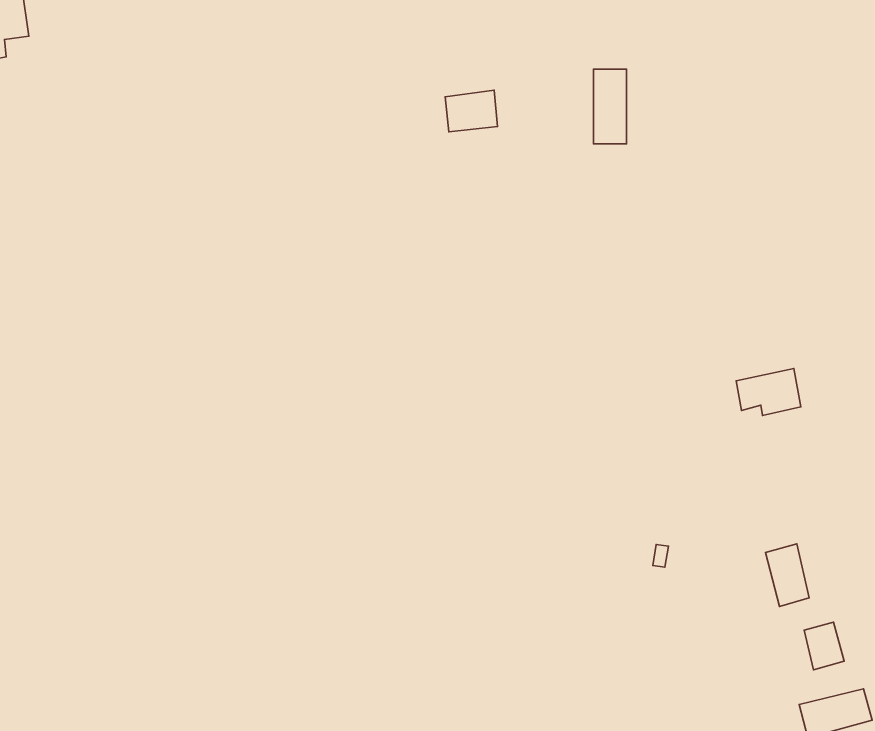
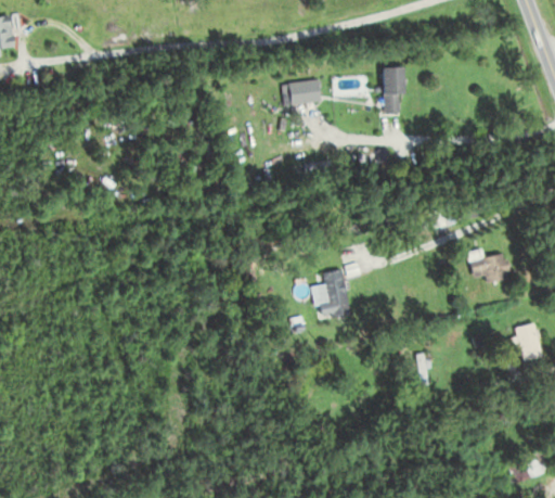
building: none -> [319,269,351,320]
building: [766,544,809,606] -> [515,322,542,361]
building: [804,622,844,670] -> none

